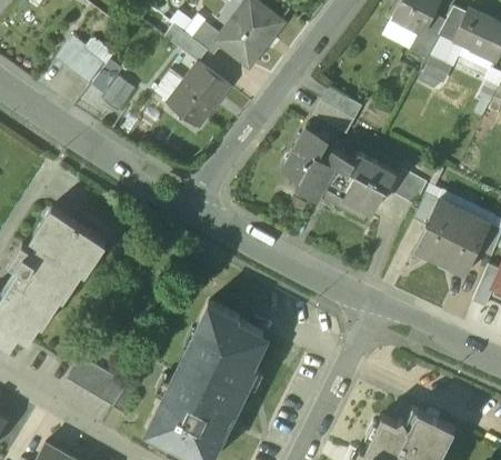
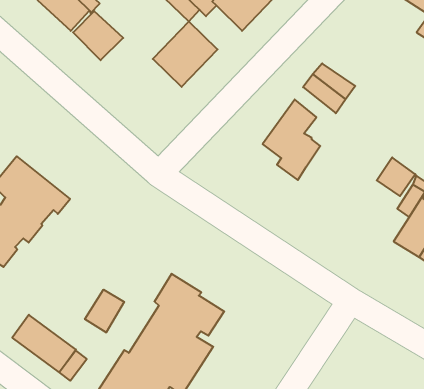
building: [324,149,398,214] -> none
building: none -> [85,290,124,333]

